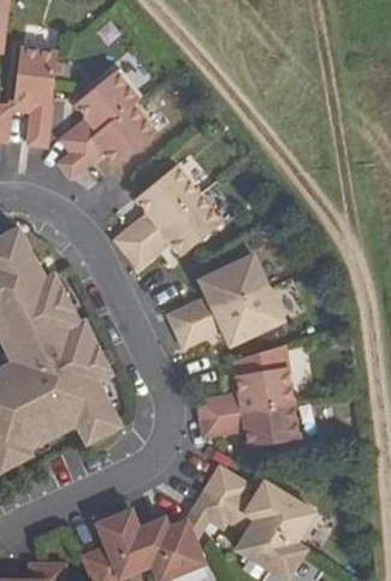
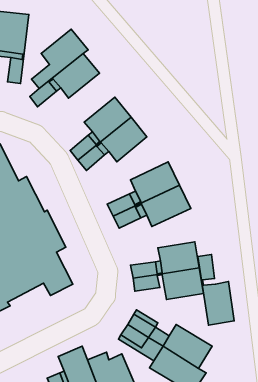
building: none -> [198,255,234,325]

